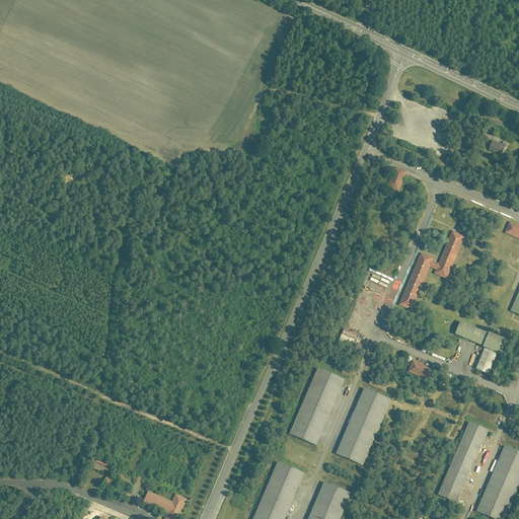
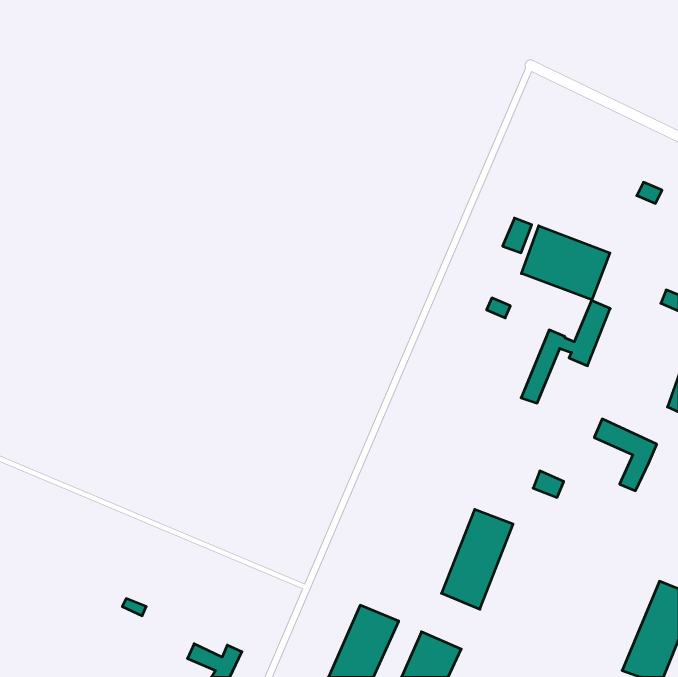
building: none -> [521,226,610,300]
building: [288,366,346,445] -> none
building: [437,422,488,505] -> none

